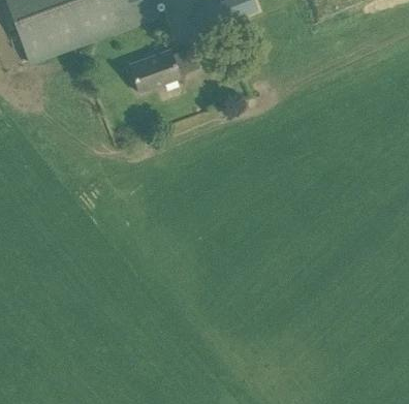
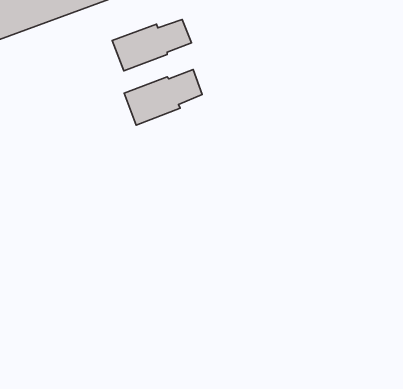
building: none -> [124,69,202,125]

